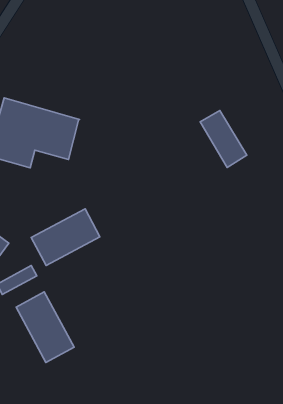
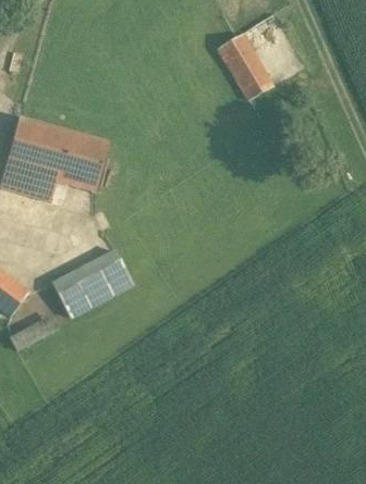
building: [200,111,247,167] -> [220,33,274,99]
building: [16,292,74,362] -> none

